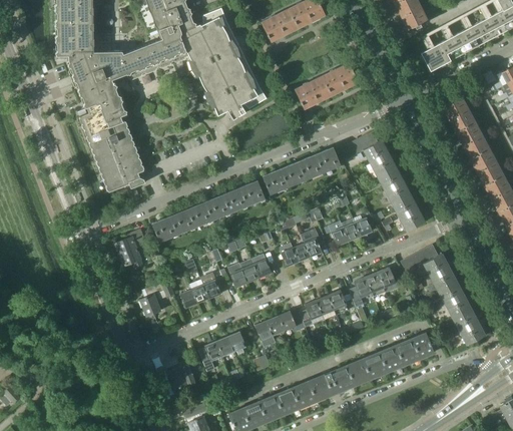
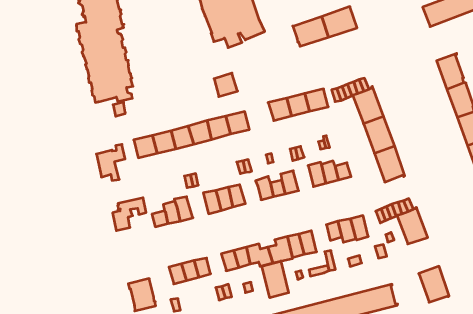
building: [264,168,289,193] -> [214,73,238,97]
building: [438,281,472,318] -> none
building: none -> [262,261,289,298]

